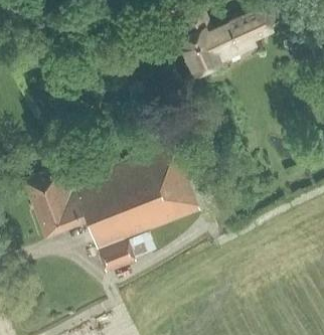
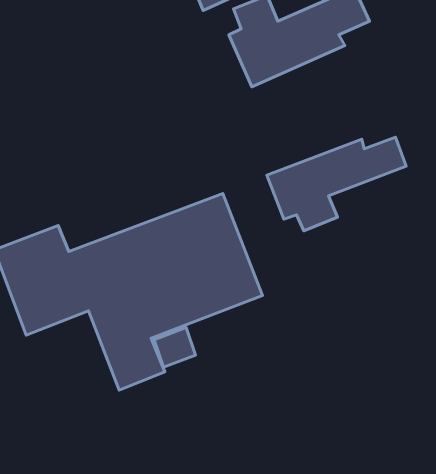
building: none -> [267,137,406,231]

